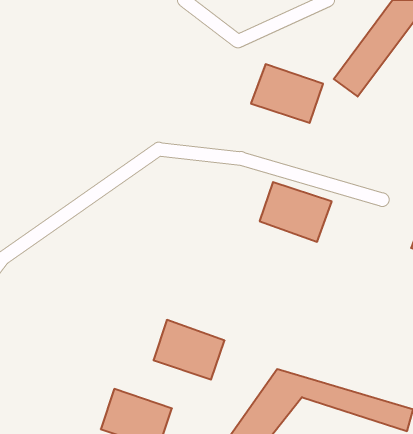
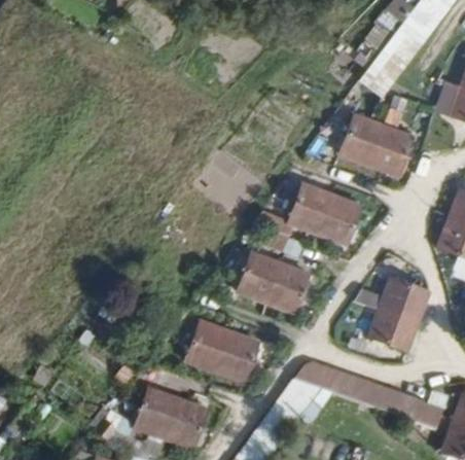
building: [251,64,323,123] -> [342,115,414,174]
building: none -> [236,250,307,311]
building: none -> [368,280,431,356]

